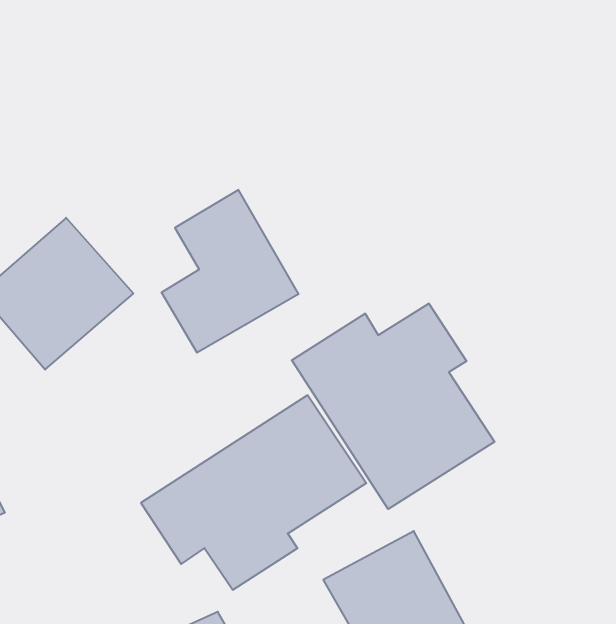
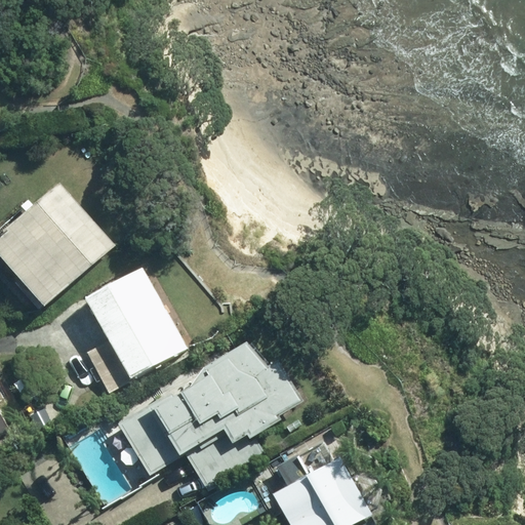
building: [161,190,299,353] -> [74,266,189,402]
building: [292,303,494,509] -> none

